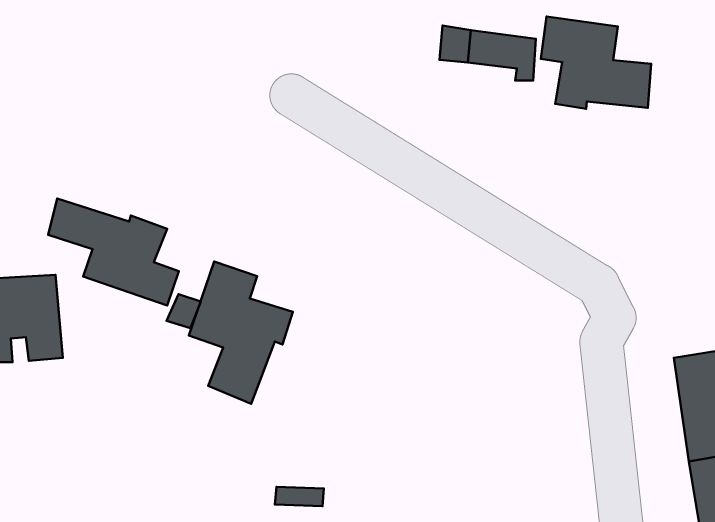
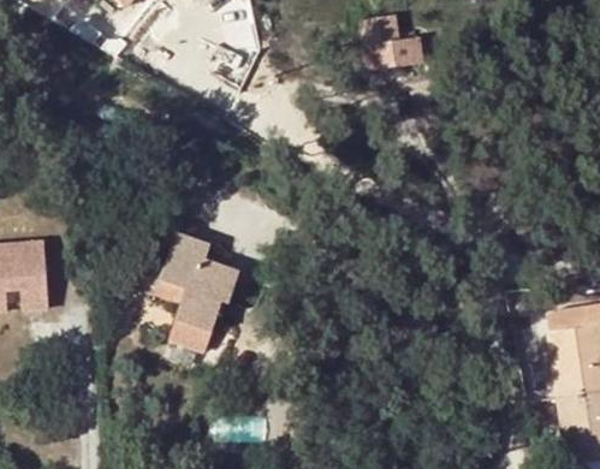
building: [541,16,651,109] -> none
building: [48,199,179,306] -> none

